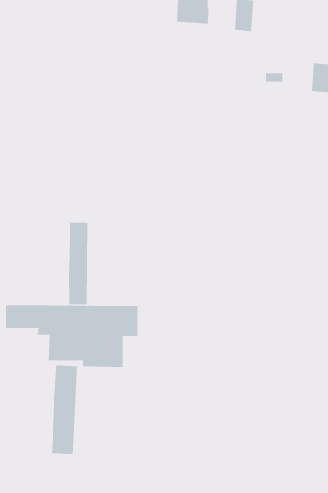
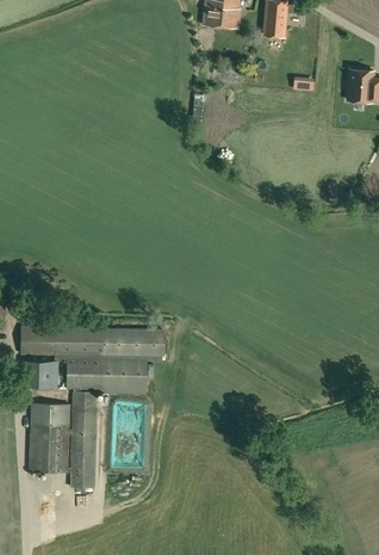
building: [68,222,88,305] -> none
building: none -> [30,360,57,387]
building: none -> [29,402,72,471]

